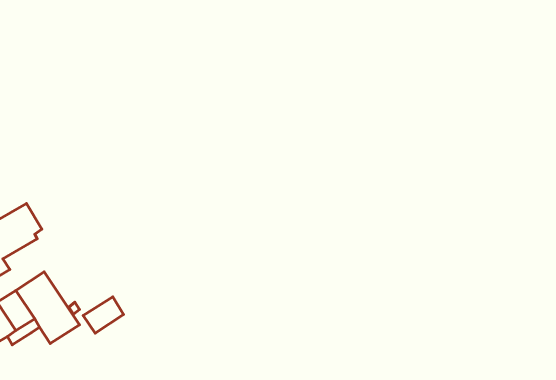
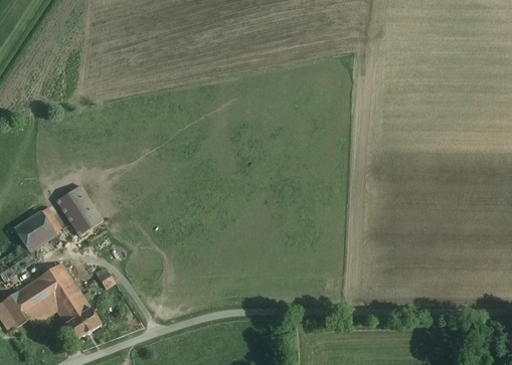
building: none -> [54,183,101,234]
building: [83,297,123,333] -> [66,309,101,340]

